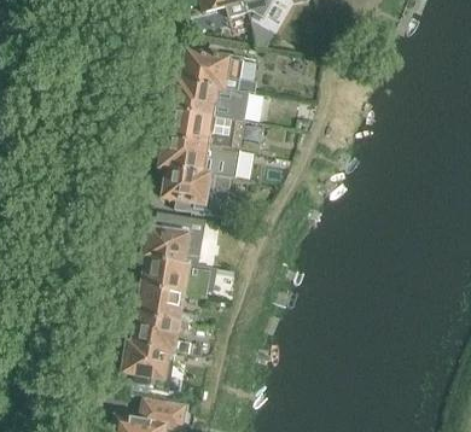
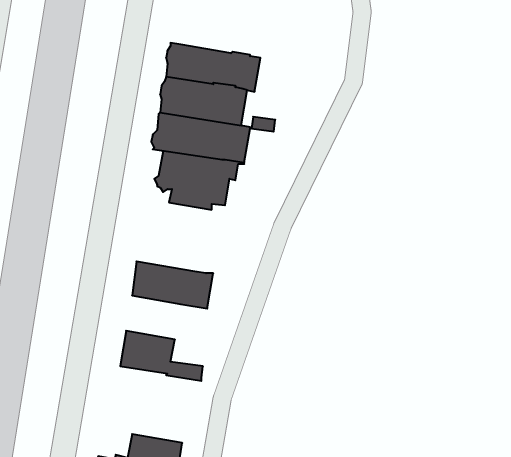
building: [184,47,256,91] -> none
building: [144,211,202,264] -> none
building: [139,284,196,321] -> none
building: [122,340,173,391] -> none

